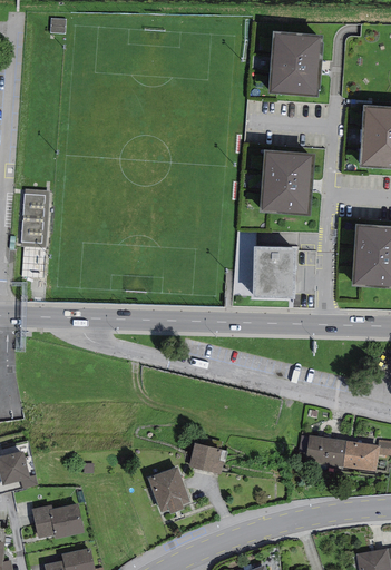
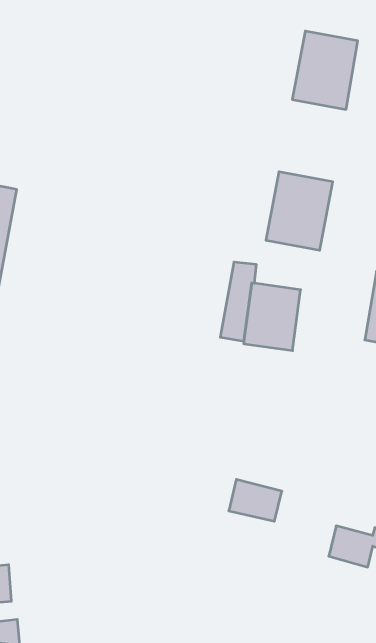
building: [304,434,346,465] -> [229,479,282,521]
building: [189,443,226,474] -> none
building: [148,466,190,513] -> none

